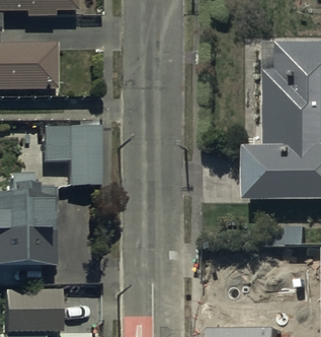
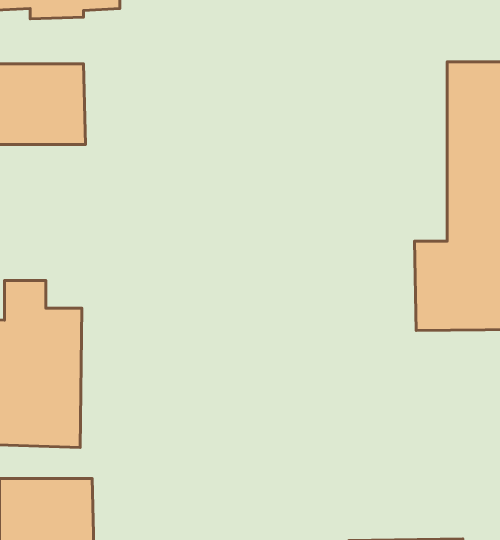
building: [38,127,95,186] -> none

